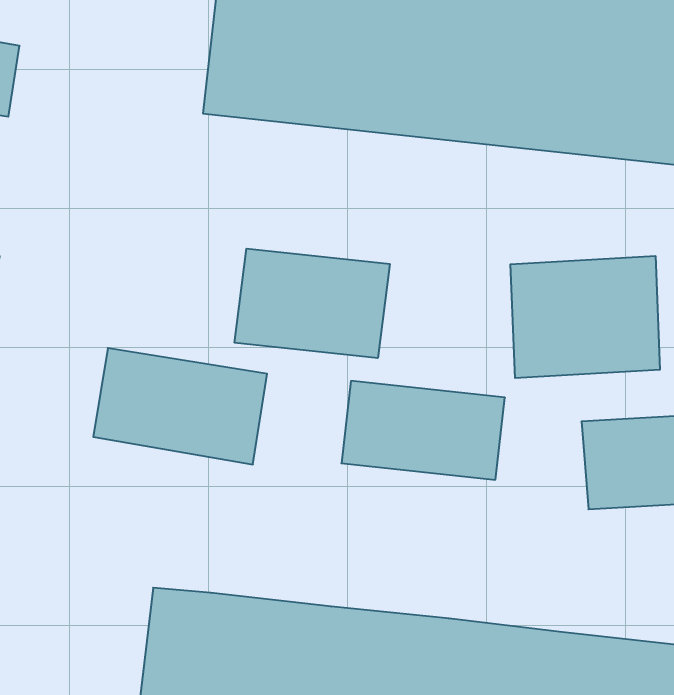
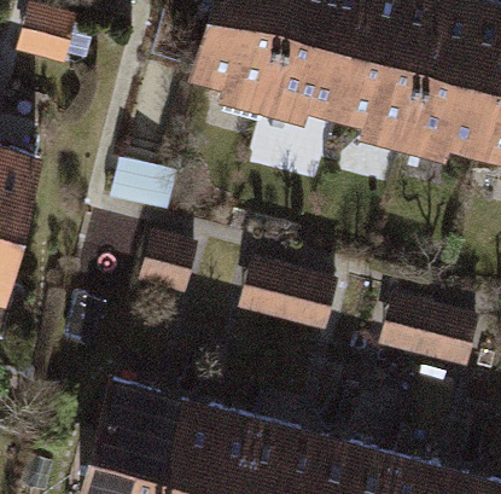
building: [235,249,390,358] -> none
building: [510,256,660,378] -> none

